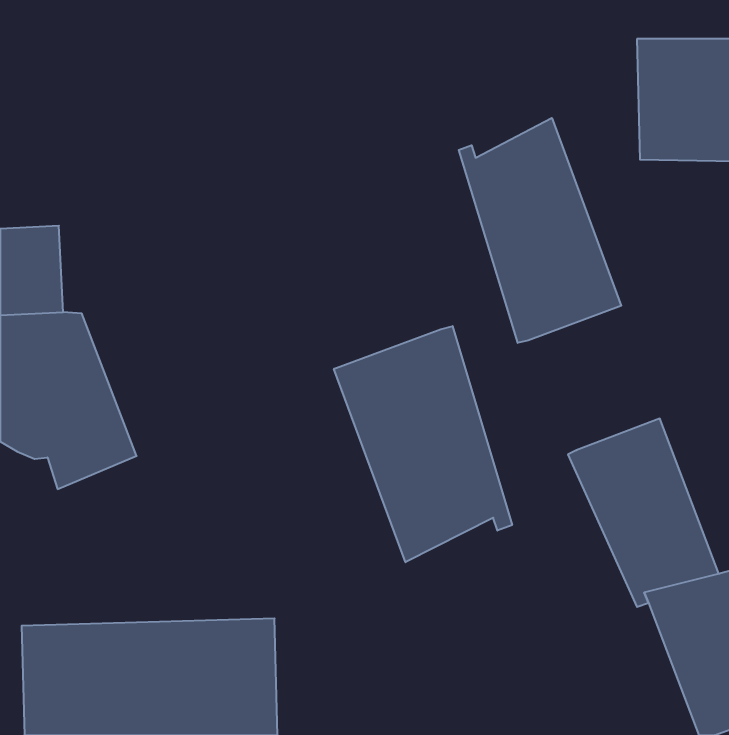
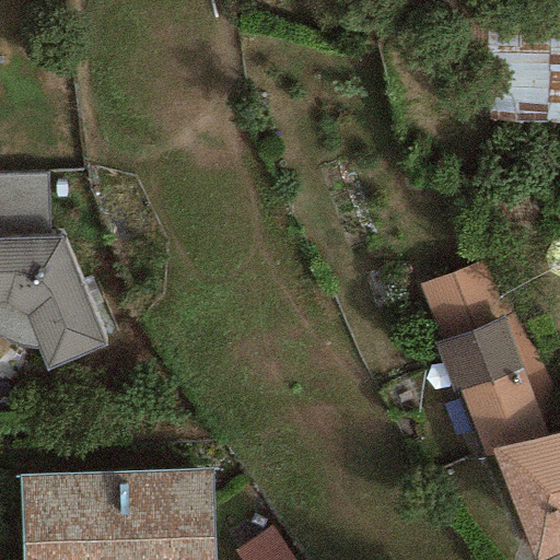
building: [459,118,621,343] -> none
building: [334,326,512,562] -> none
building: none -> [421,260,506,342]

